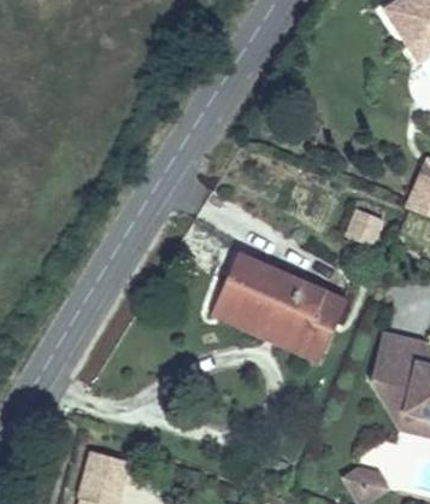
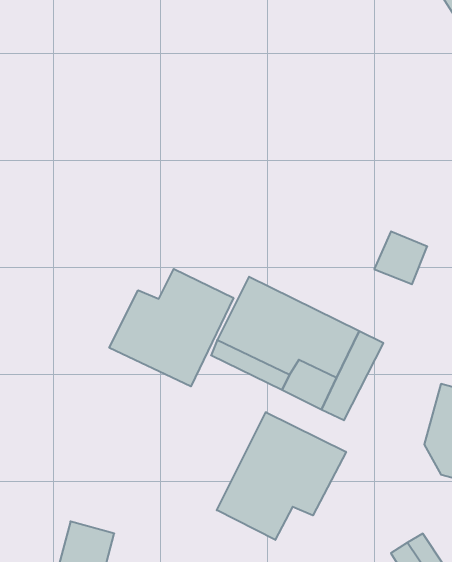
building: none -> [109,269,233,386]
building: none -> [217,412,346,540]

